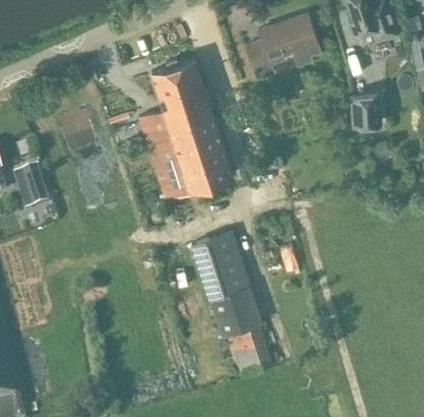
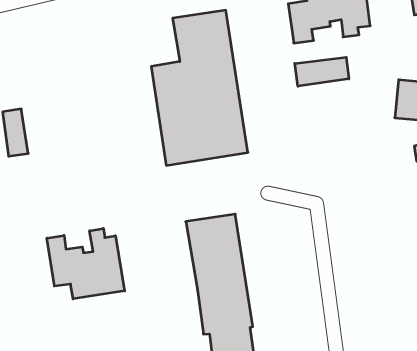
building: none -> [295,57,349,86]
building: none -> [47,228,125,299]

